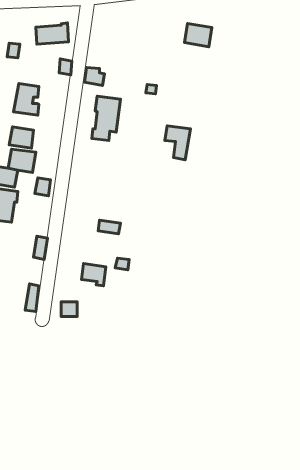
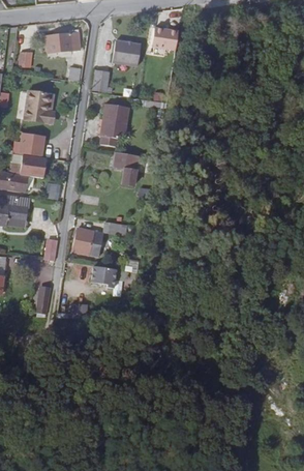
building: [184,23,212,47] -> [151,27,178,50]
building: none -> [112,39,141,65]
building: [165,126,190,160] -> [113,151,138,184]
building: none -> [74,230,103,262]

